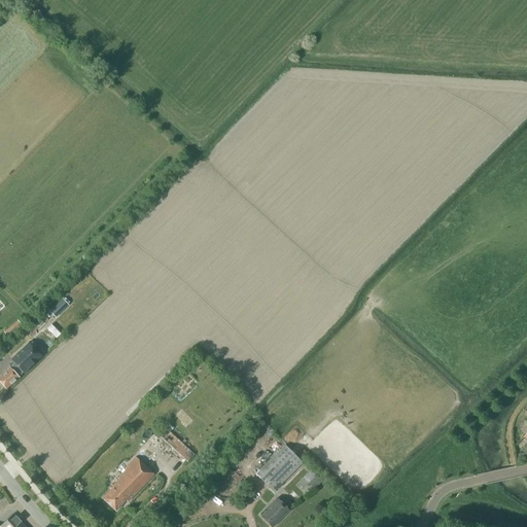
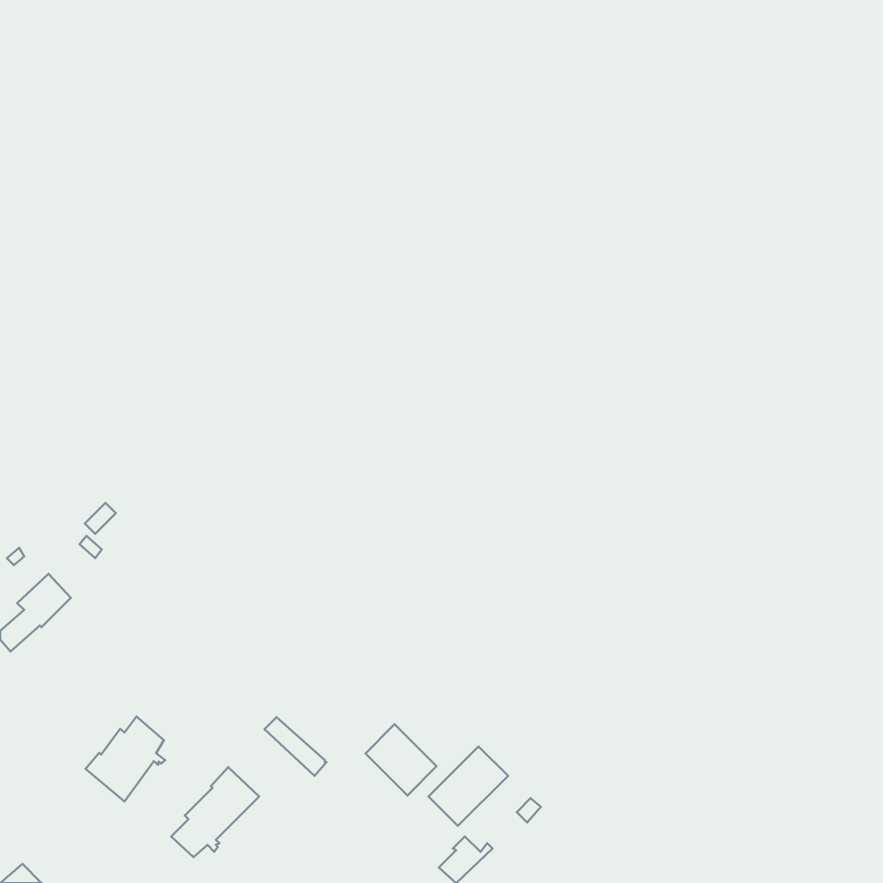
building: none -> [86,717,165,801]
building: none -> [365,724,437,795]

